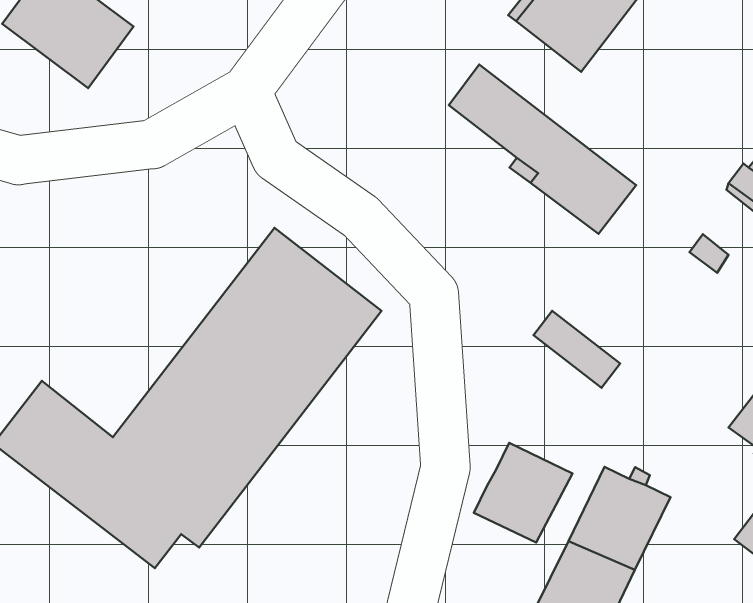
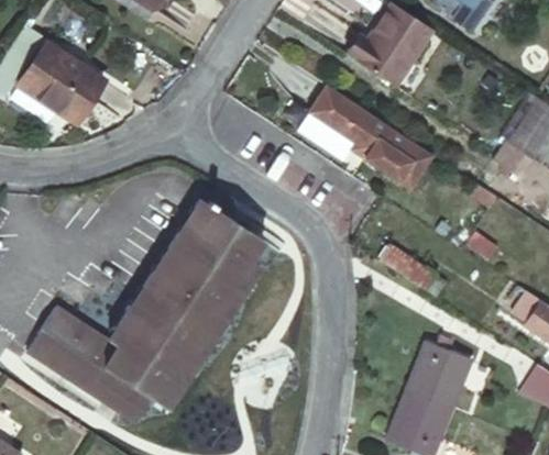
building: [474,443,573,543] -> none

